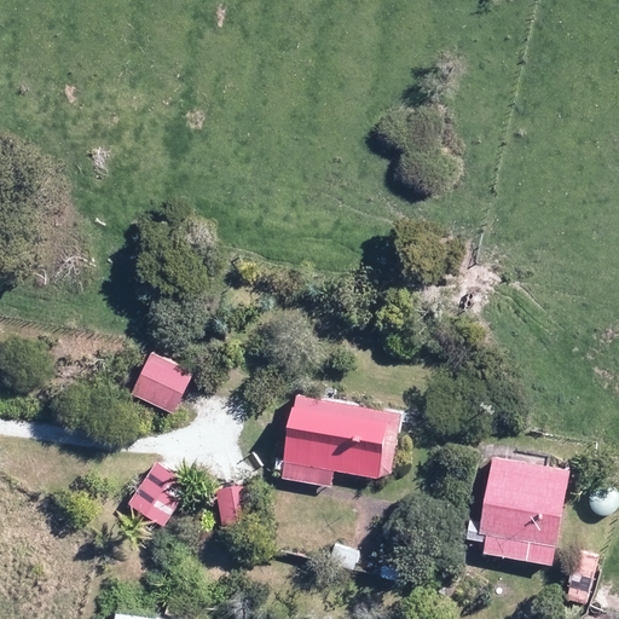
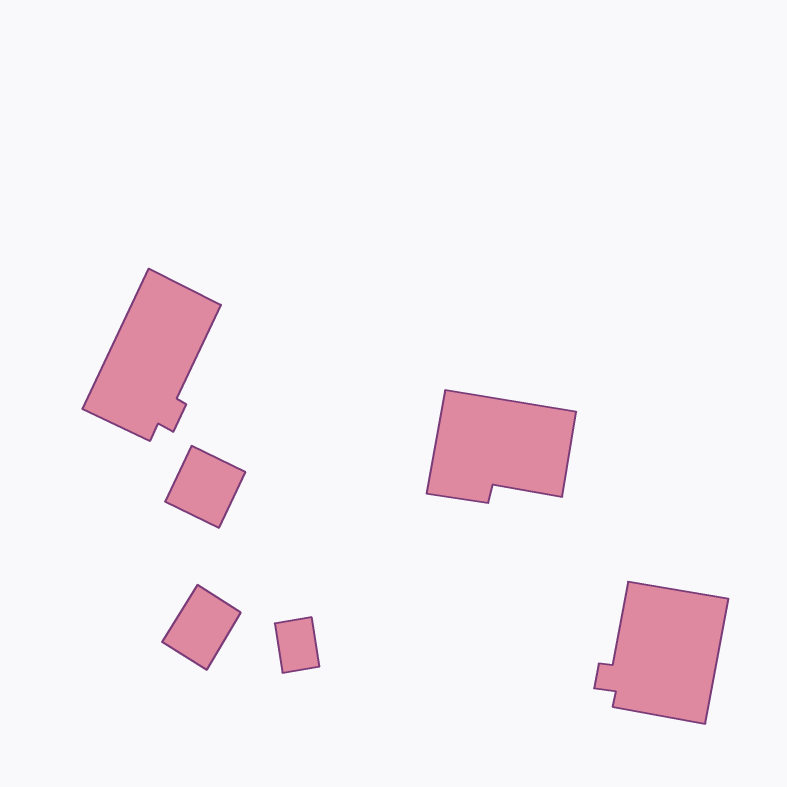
building: none -> [82,269,221,441]
building: [282,397,399,485] -> [427,390,576,503]

